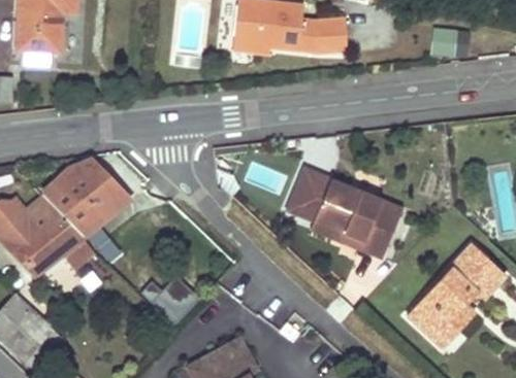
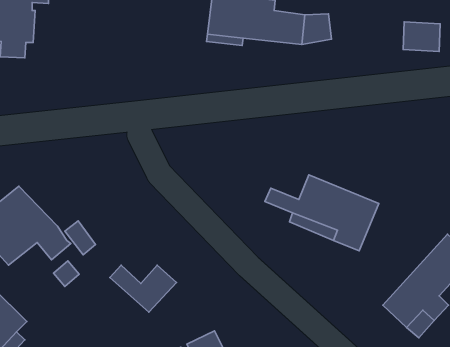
building: [41,160,128,234] -> none
building: [297,171,335,207] -> none

